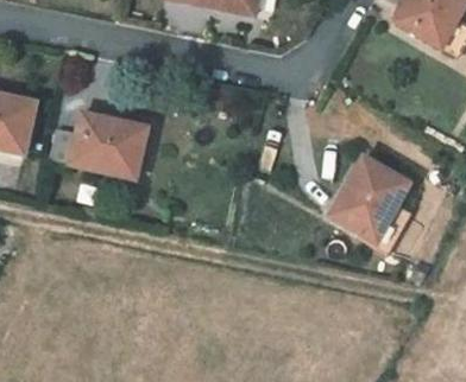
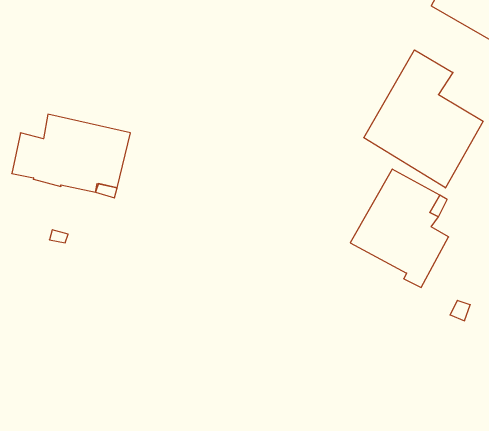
building: none -> [364,50,483,188]

